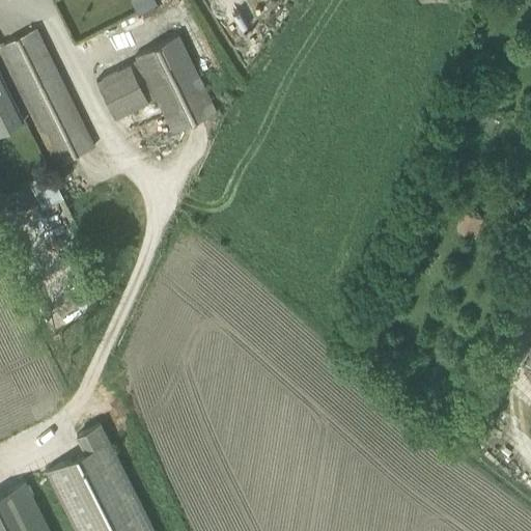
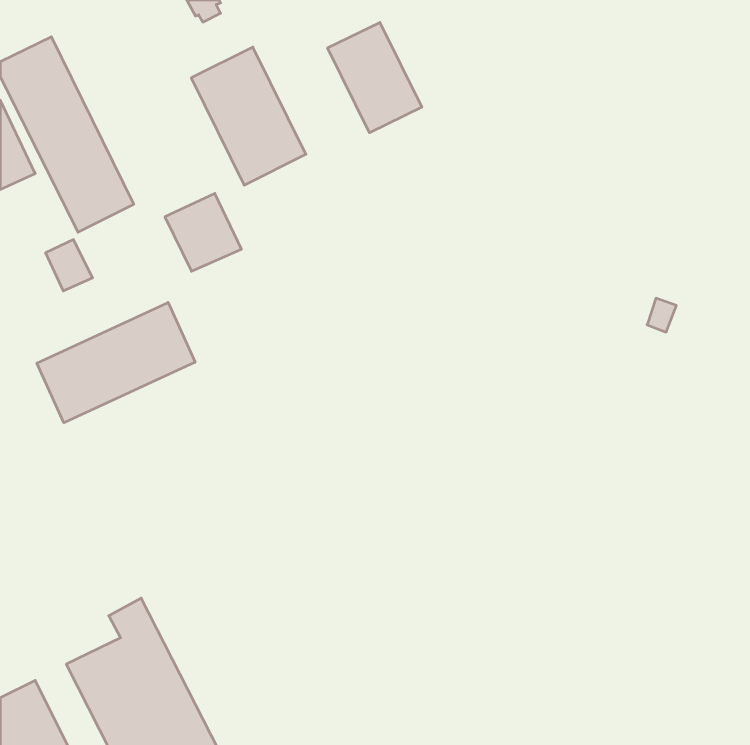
building: none -> [328,22,422,133]
building: [96,66,150,121] -> [165,193,241,271]
building: none -> [37,302,195,423]

